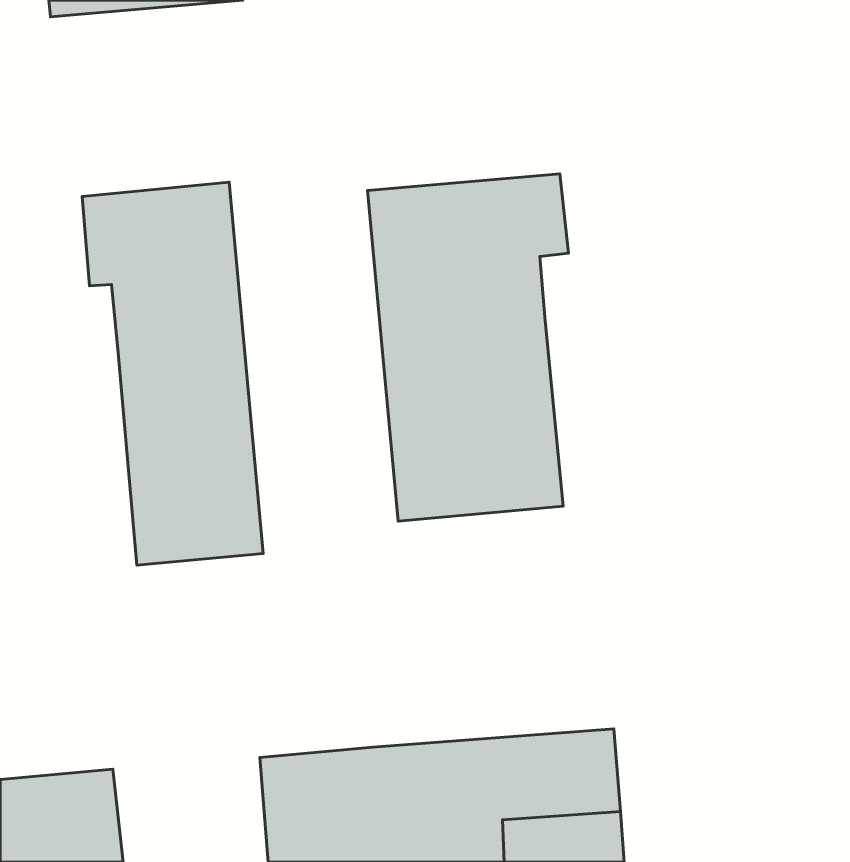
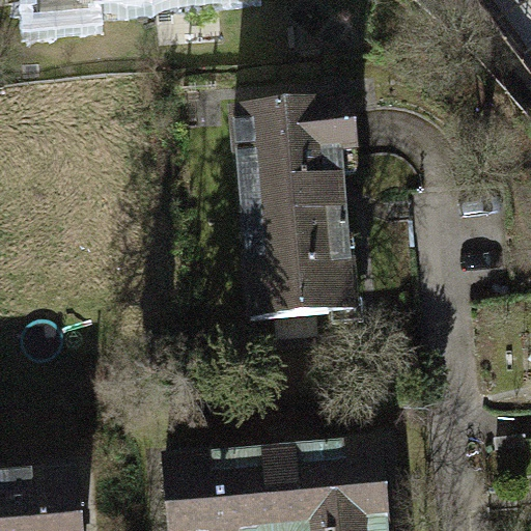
building: [82,182,263,565] -> none

